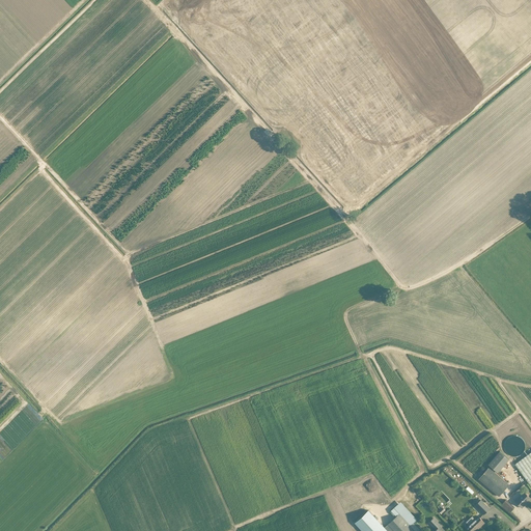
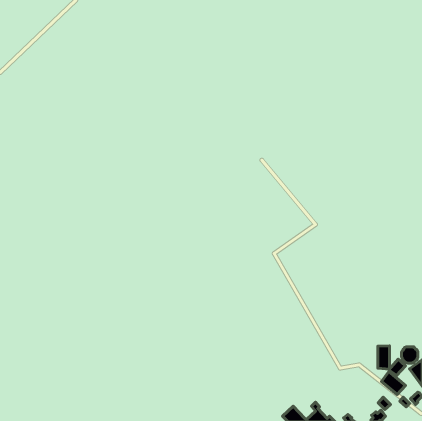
building: none -> [378,346,389,369]

